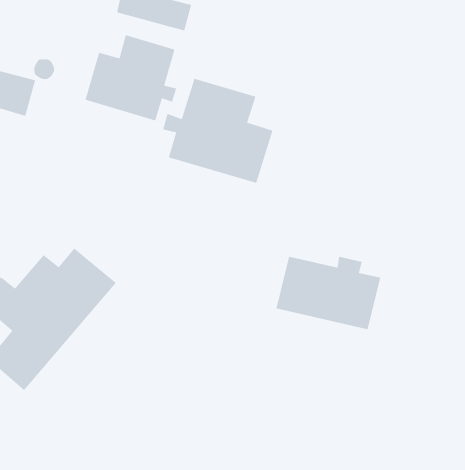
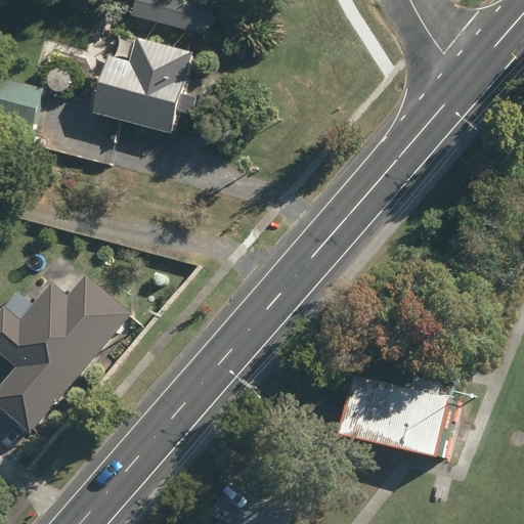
building: [162,78,273,184] -> none
building: [275,256,381,330] -> [343,377,460,458]

